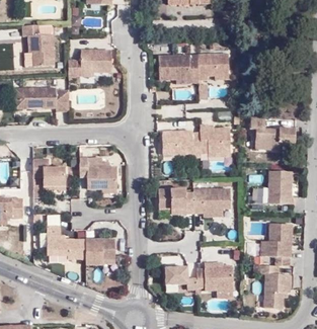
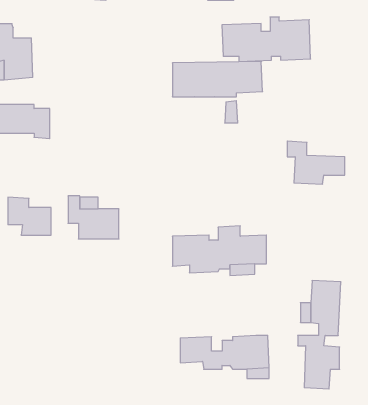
building: [65,47,108,75] -> none
building: [164,124,233,158] -> [222,17,311,61]
building: [267,168,293,200] -> none
building: [46,225,113,266] -> none

